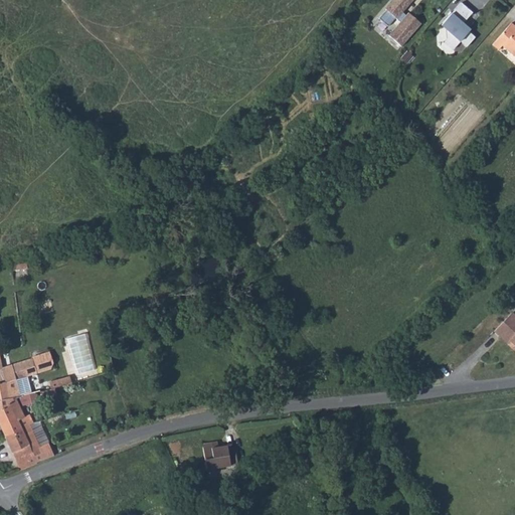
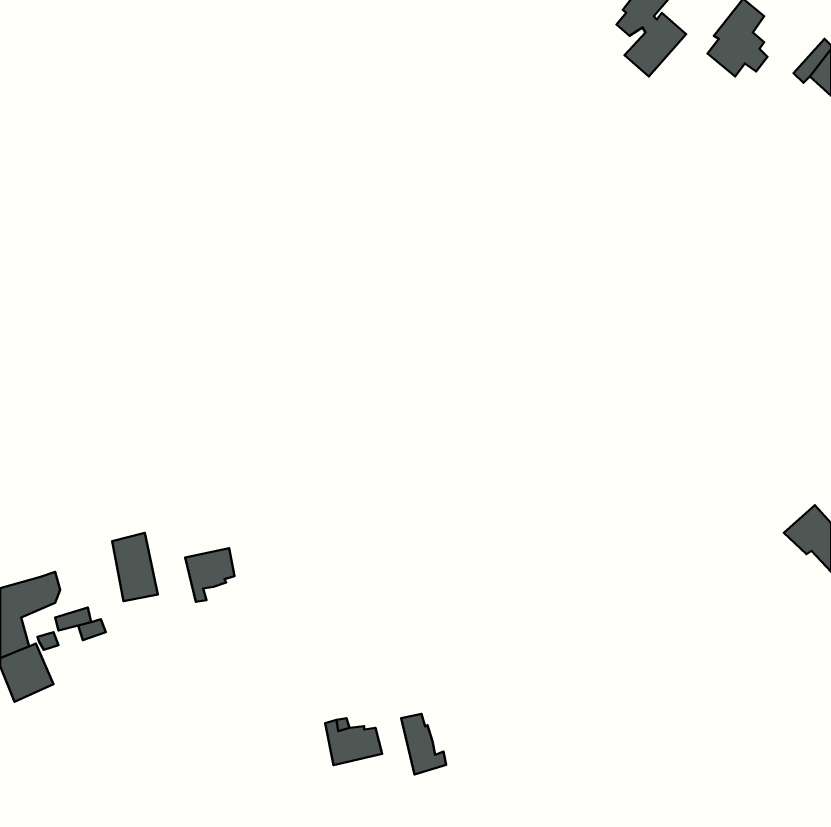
building: none -> [185,548,235,602]
building: [9,423,43,466] -> none
building: none -> [401,714,446,774]

